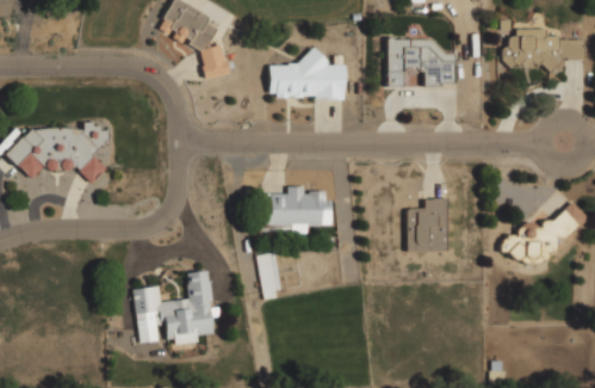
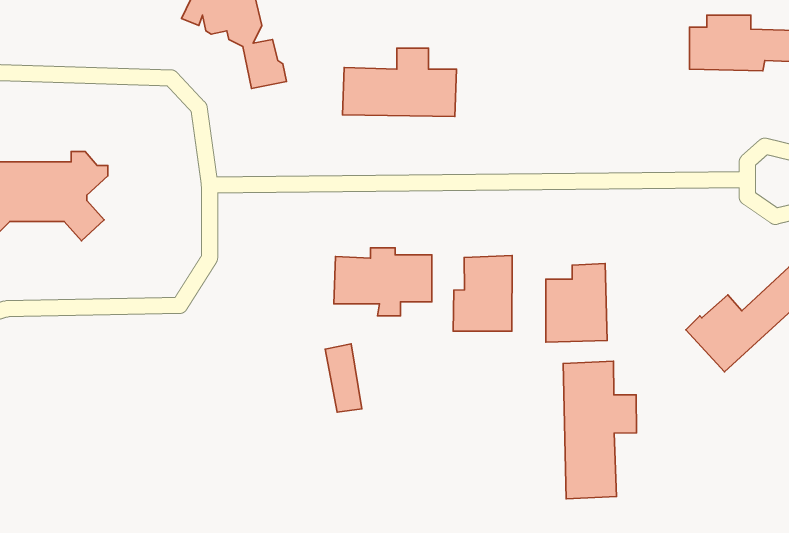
building: [386,39,455,86] -> none
building: none -> [453,256,512,331]
building: none -> [563,361,637,499]
building: [134,271,221,344] -> none

